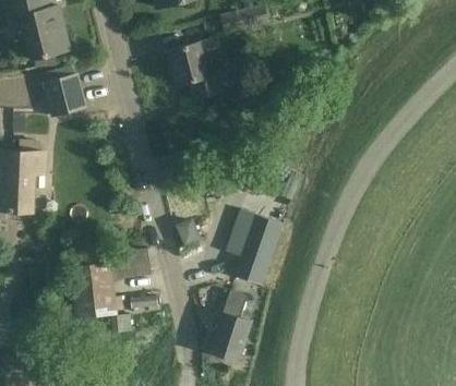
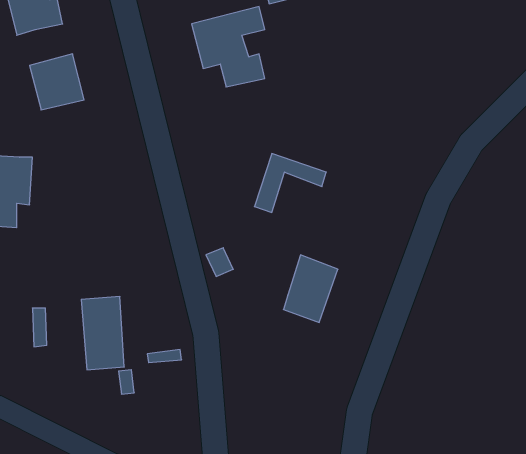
building: [227,210,281,255] -> [254,154,326,212]
building: [113,253,149,275] -> none
building: [209,288,252,360] -> none

